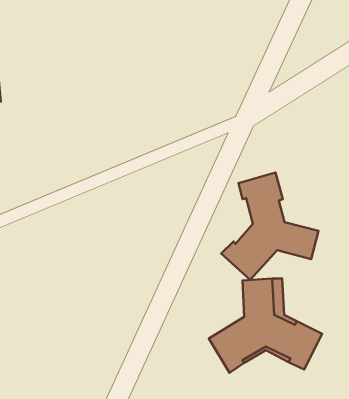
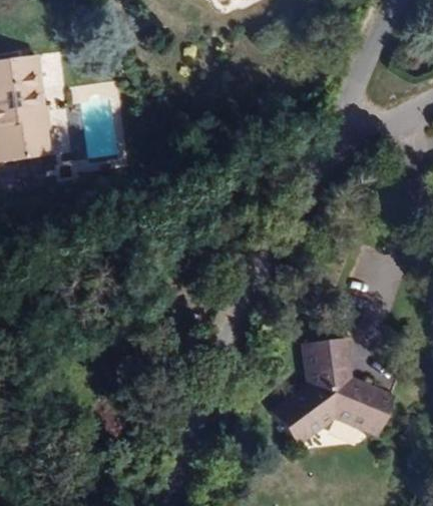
building: [221,173,319,280] -> none

